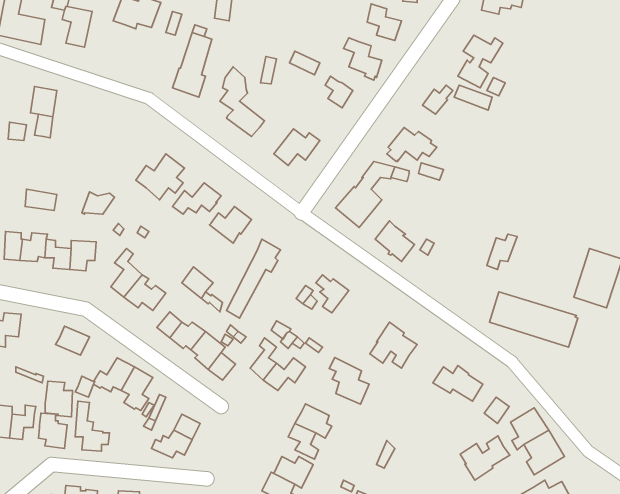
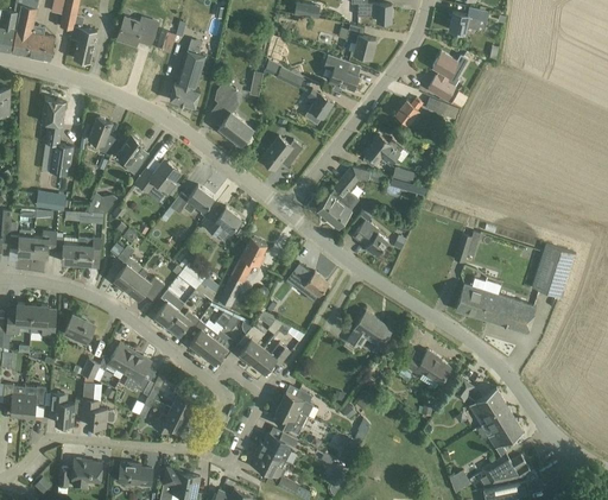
building: none -> [87,118,115,154]
building: none -> [116,135,144,175]
building: none -> [49,144,72,175]
building: [329,357,369,404] -> none
building: [45,381,73,417] -> [30,304,55,336]
building: [460,436,510,480] -> none

